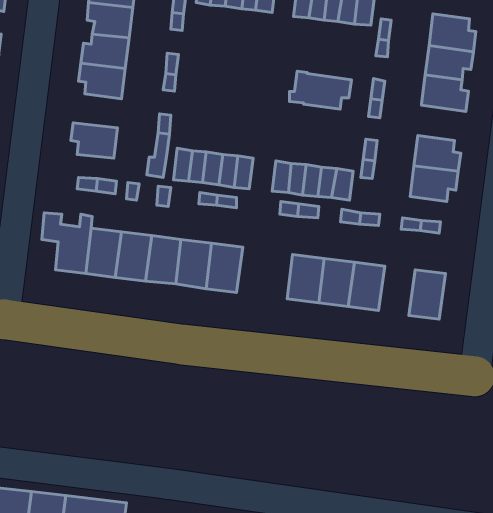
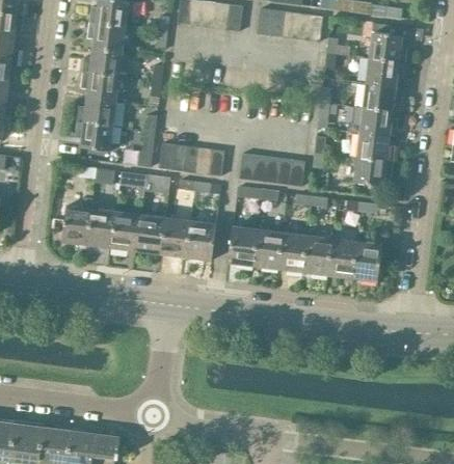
building: [289,71,352,109] -> [347,106,398,137]
building: none -> [76,99,115,127]
building: none -> [228,227,256,267]
building: none -> [326,240,356,280]

